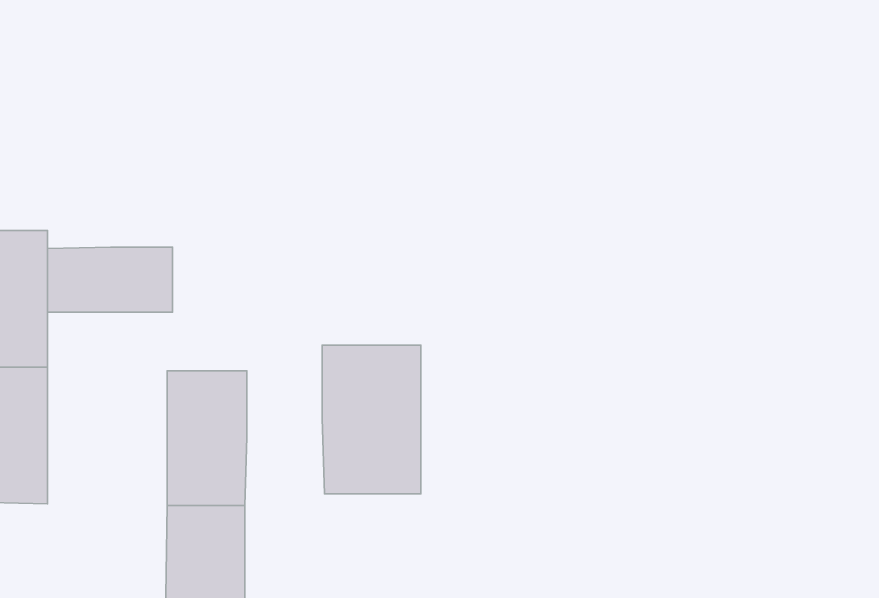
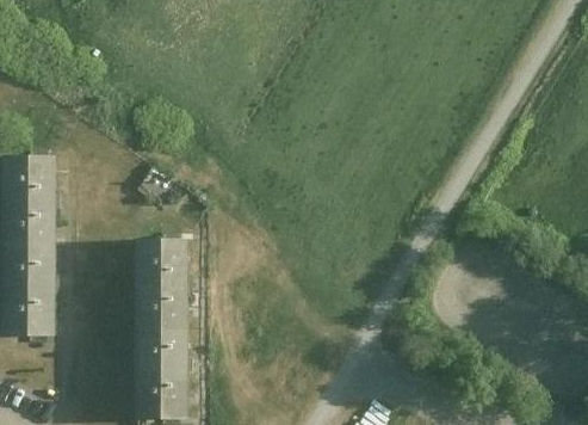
building: [48,247,173,312] -> none
building: [322,345,421,494] -> none

